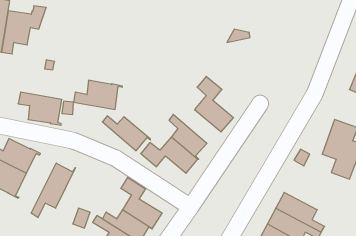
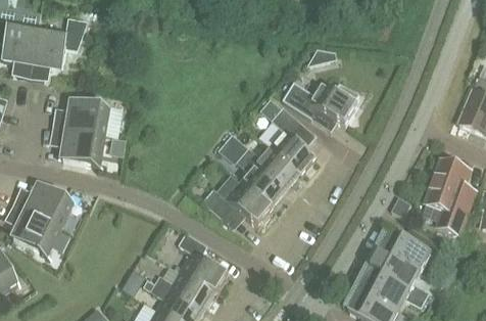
building: none -> [281,82,358,127]
building: [74,80,122,109] -> [53,100,113,136]
building: [102,116,150,151] -> [241,147,300,190]
building: [31,163,75,218] -> none
building: none -> [378,227,435,272]

